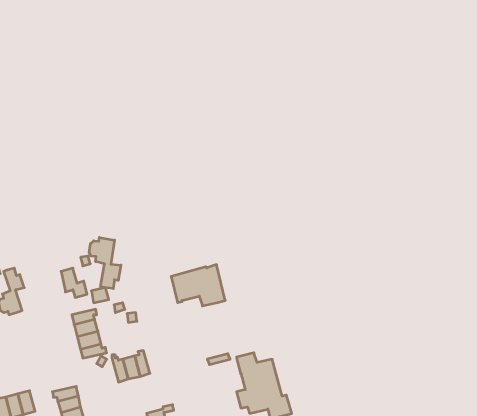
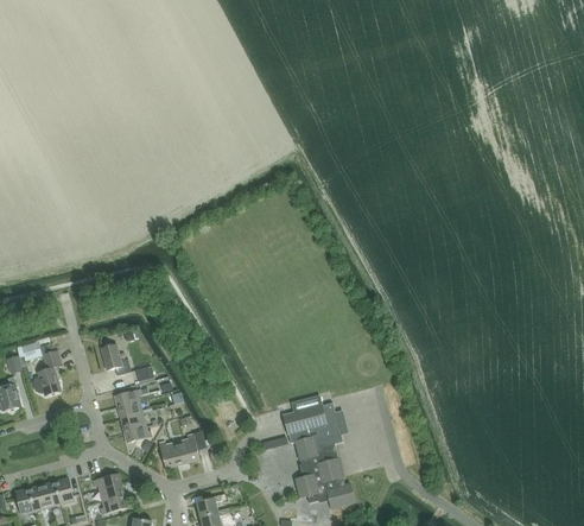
building: [89,237,121,289] -> none
building: [171,265,225,306] -> [283,401,342,446]

